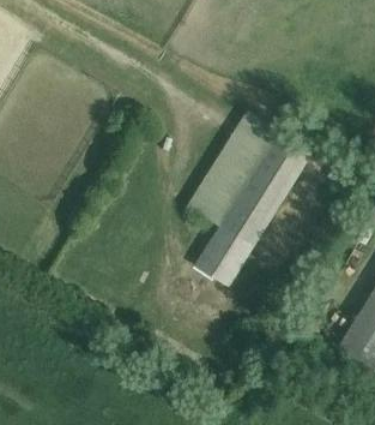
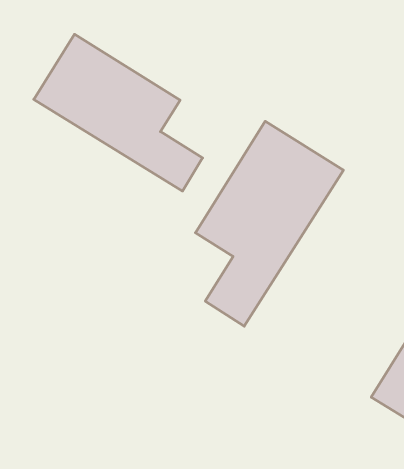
building: none -> [34,34,203,191]

